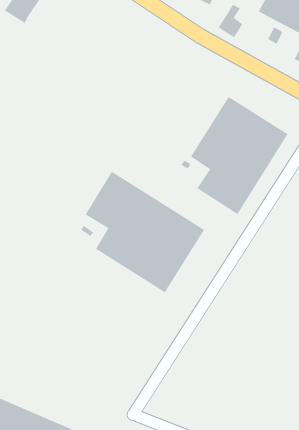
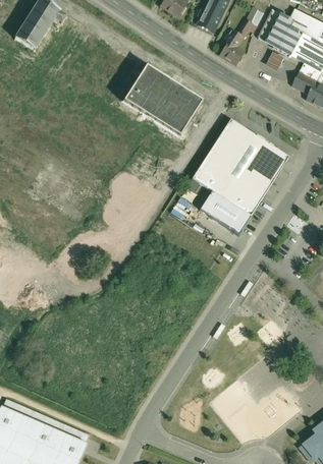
building: none -> [123,66,202,135]
building: [85,171,205,293] -> none

